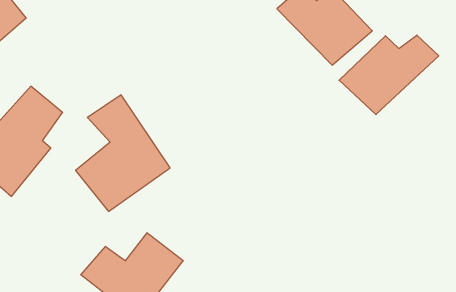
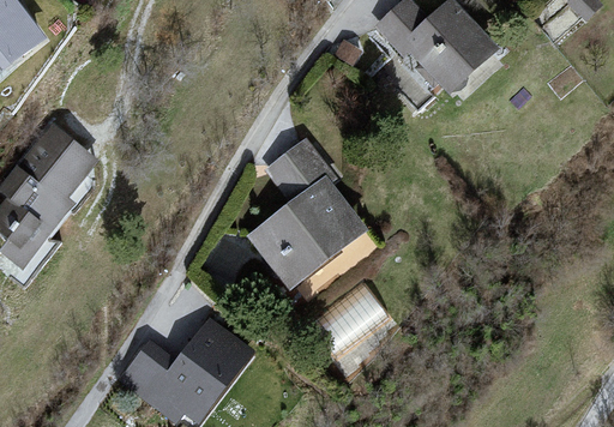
building: [339,35,439,115] -> none
building: [76,95,170,211] -> [245,138,369,291]

